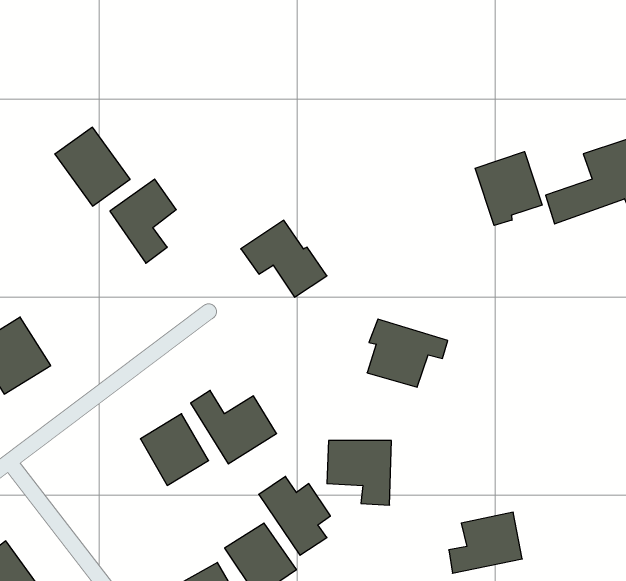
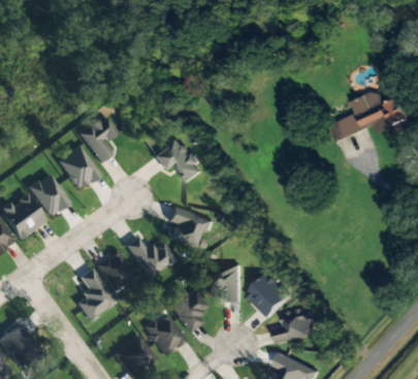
building: [55,127,130,206] -> [56,145,99,190]
building: [475,152,542,225] -> none
building: none -> [27,172,69,217]
building: [367,319,448,387] -> [166,208,213,247]
building: none -> [74,267,115,321]
building: none -> [247,272,292,317]

